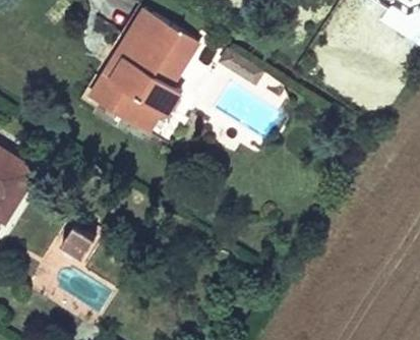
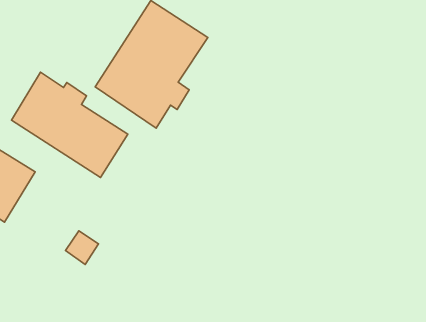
building: none -> [12,72,128,177]

